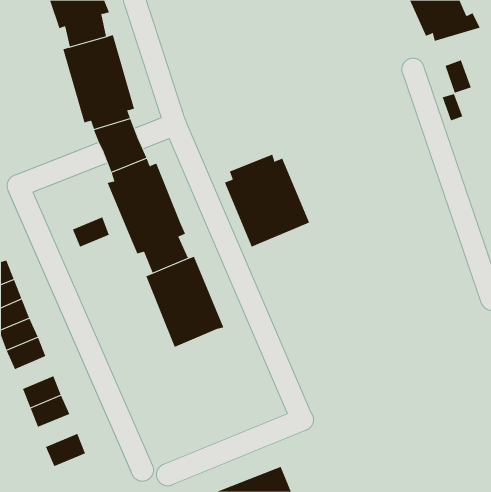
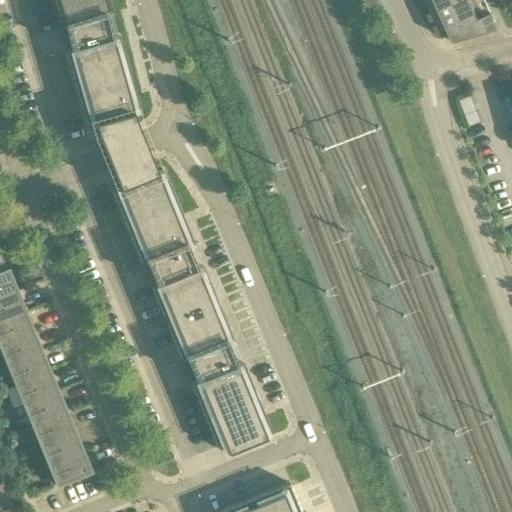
building: [445,60,471,93] -> none
building: [224,154,310,247] -> none
building: [72,217,110,247] -> none
building: none -> [189,342,269,454]
building: none -> [16,370,57,404]
building: none -> [40,430,82,464]

